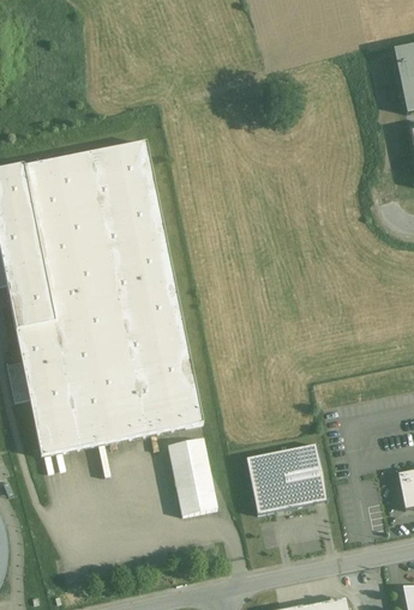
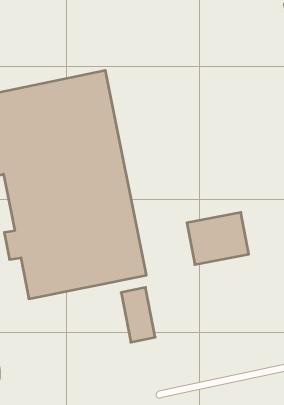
building: [241,443,326,515] -> [187,212,249,265]

